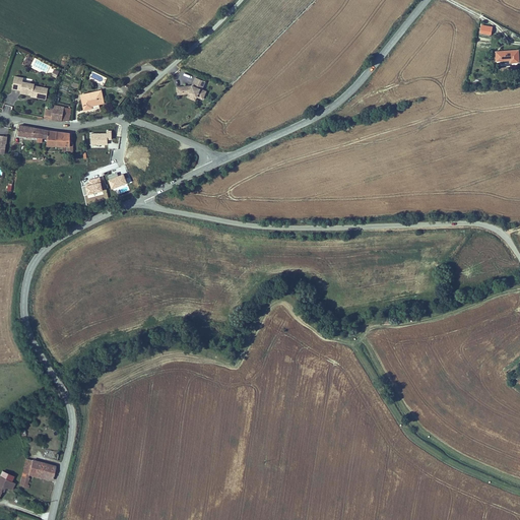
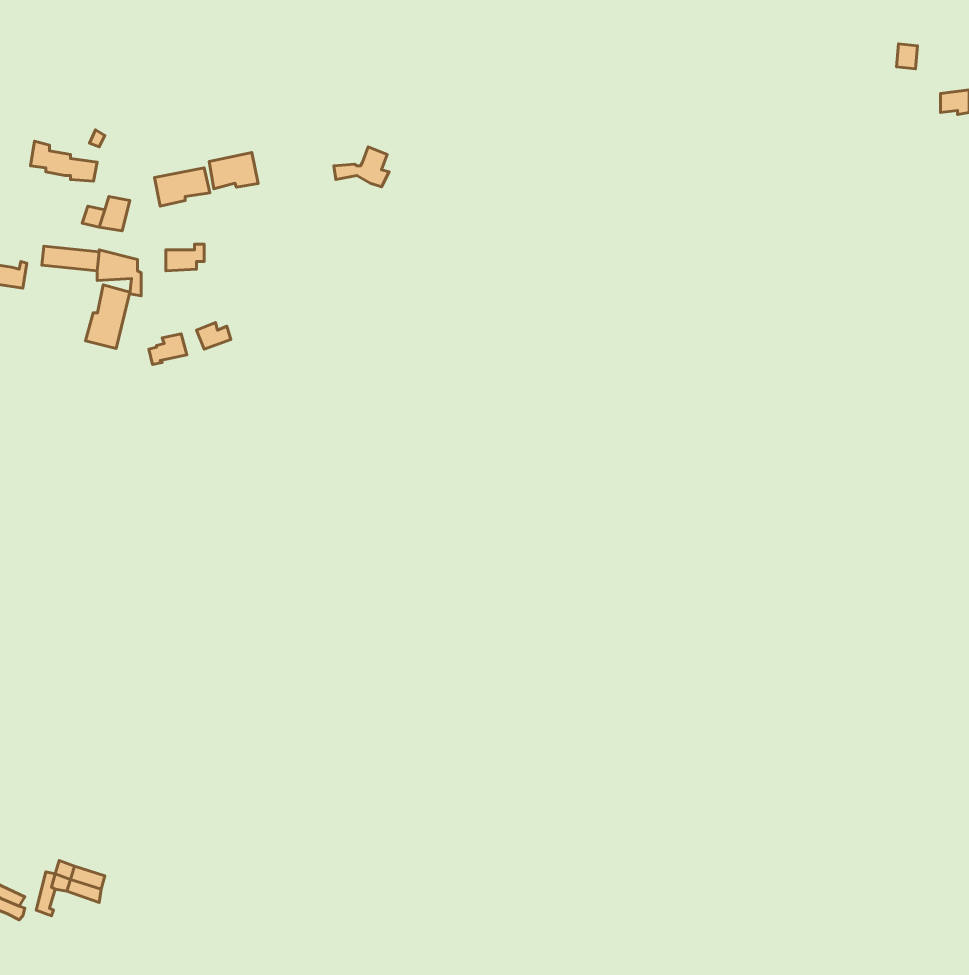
building: none -> [209,153,258,189]
building: none -> [85,285,130,349]

